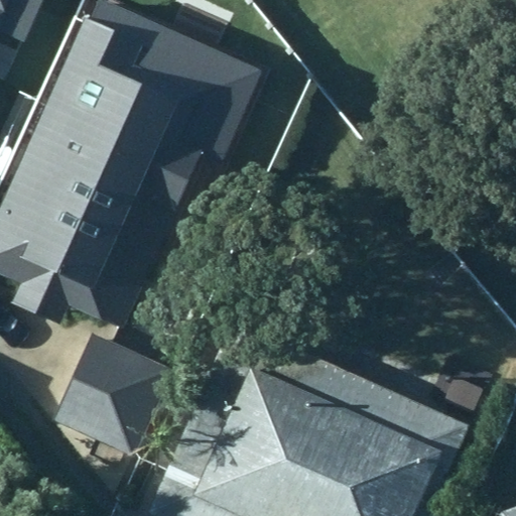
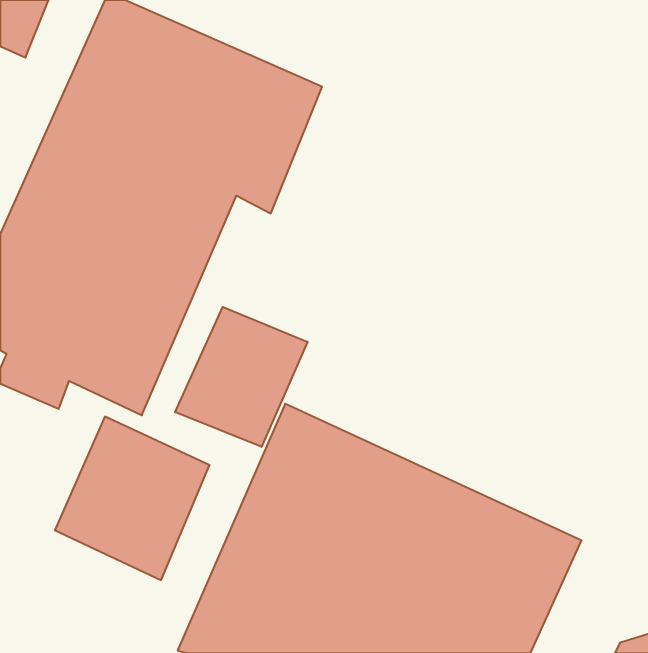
building: none -> [175,307,308,447]

